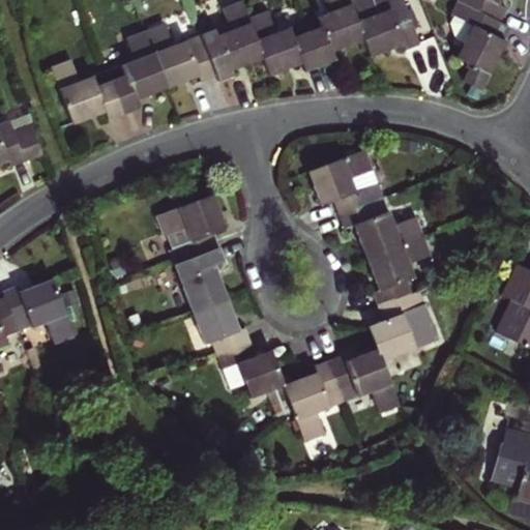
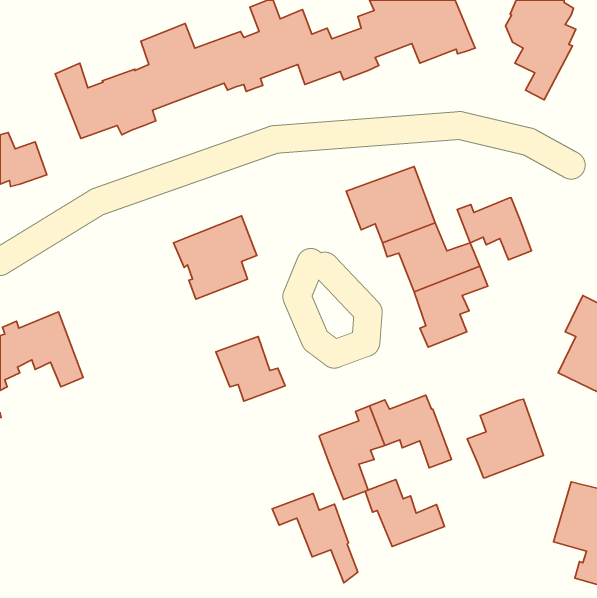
building: none -> [457,198,532,260]
building: [175,247,230,312] -> none
building: [369,293,436,362] -> [467,399,543,478]
building: [217,342,293,420] -> [272,494,358,583]
building: none -> [365,480,444,547]

